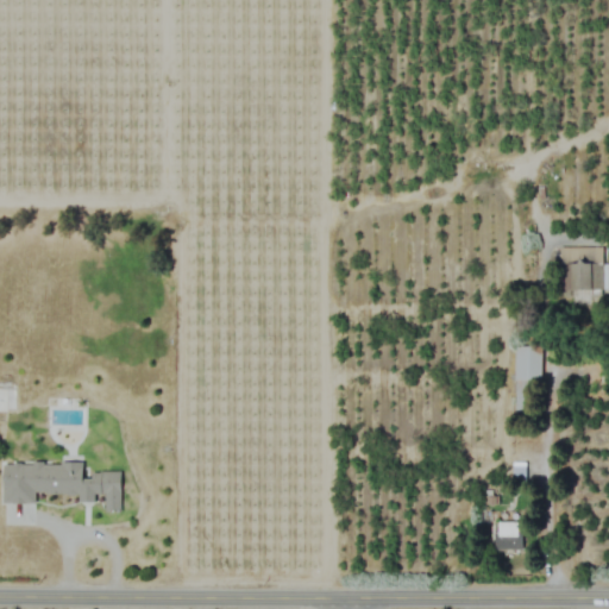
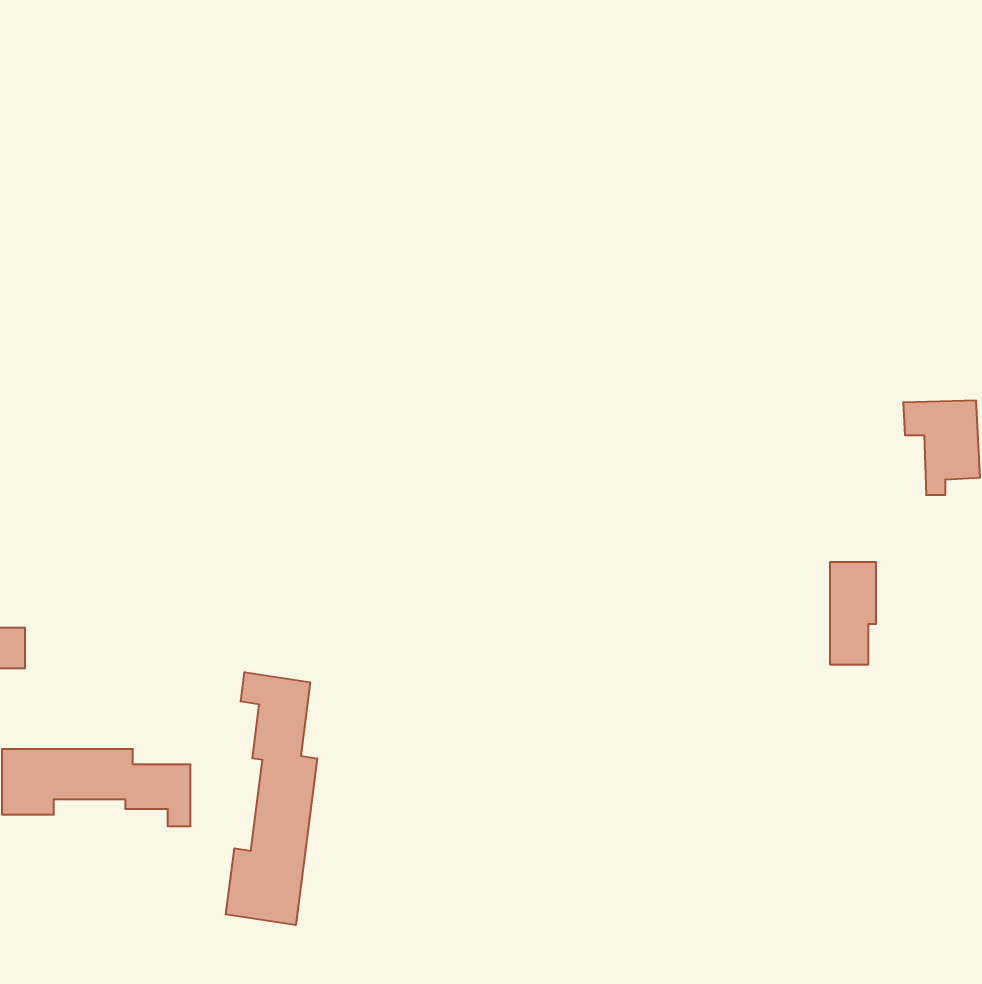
building: none -> [226,672,317,925]
building: [494,522,521,551] -> none

